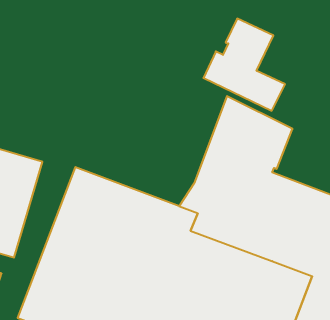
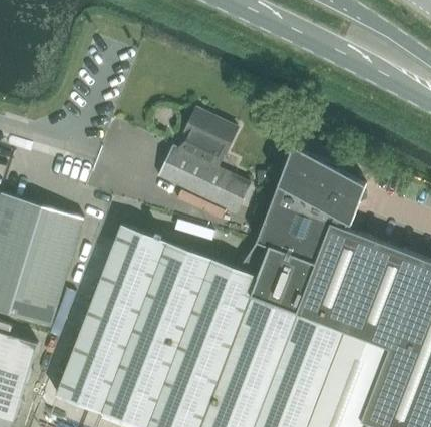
building: [203,19,285,111] -> [158,110,251,215]

